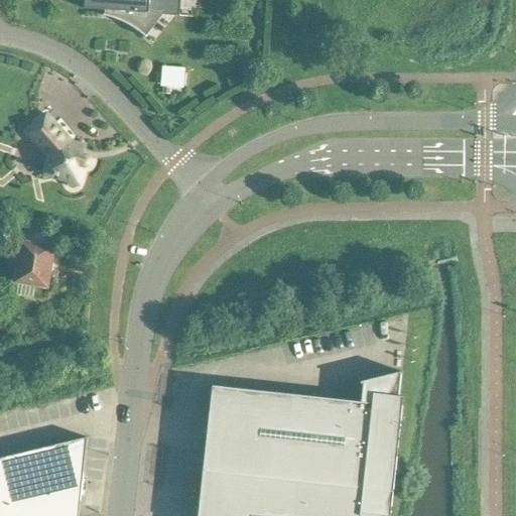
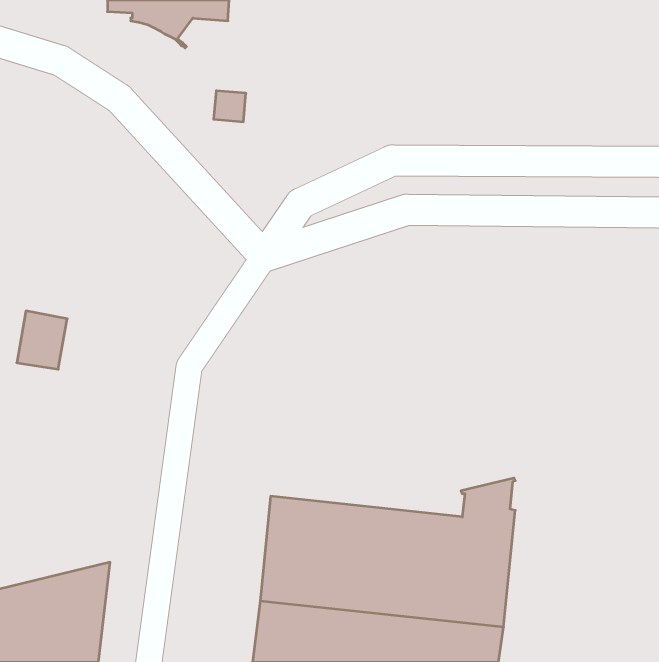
building: [24,114,89,187] -> none

